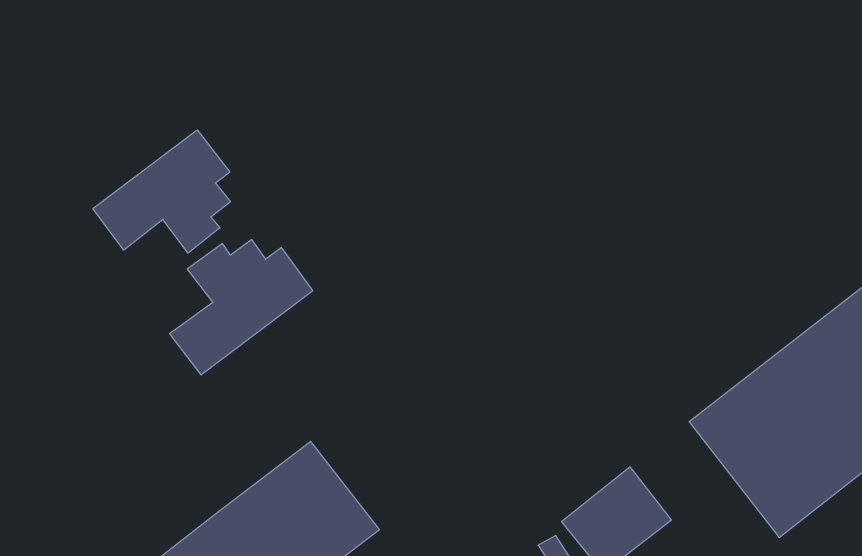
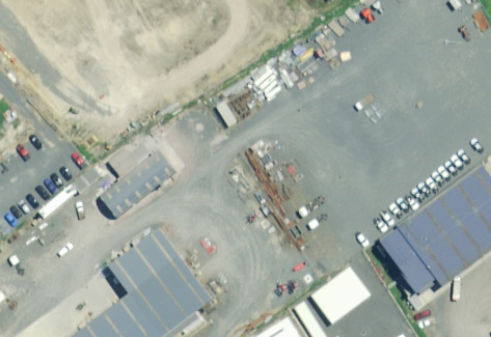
building: [93,130,230,253] -> none
building: none -> [107,226,176,290]

